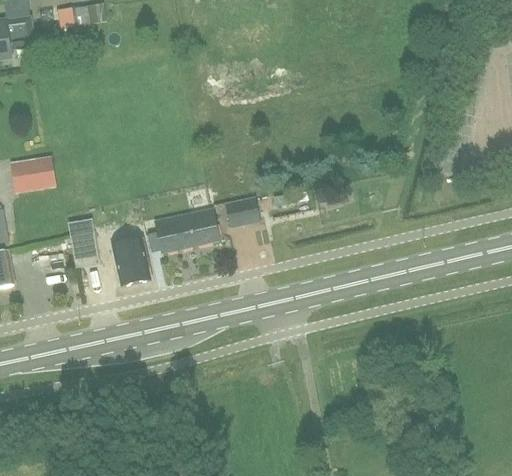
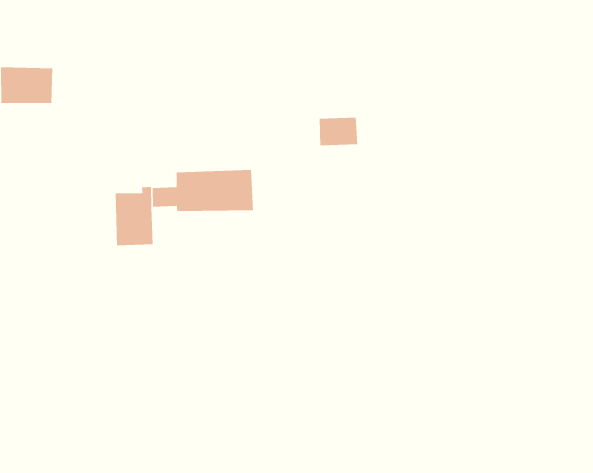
building: [225,199,258,226] -> [319,117,358,146]
building: [69,232,98,268] -> none

